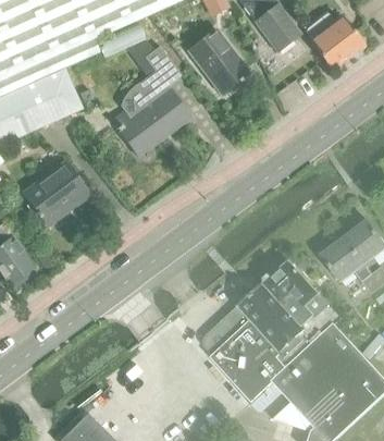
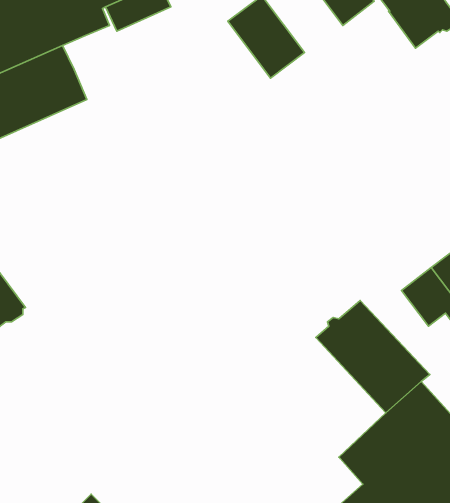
building: [110,44,190,155] -> none
building: [23,161,87,224] -> none
building: [203,290,309,409] -> none

